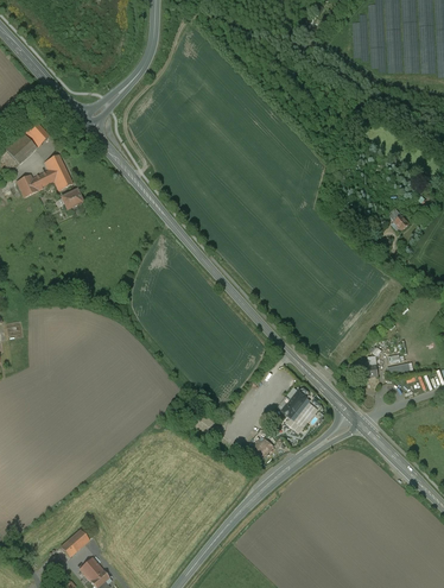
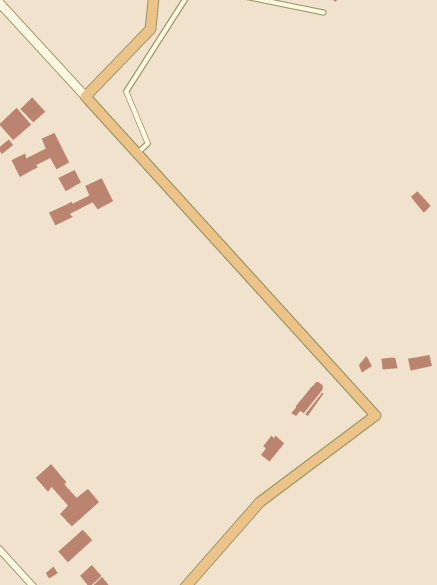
building: none -> [48,177,114,226]
building: none -> [35,463,100,527]

